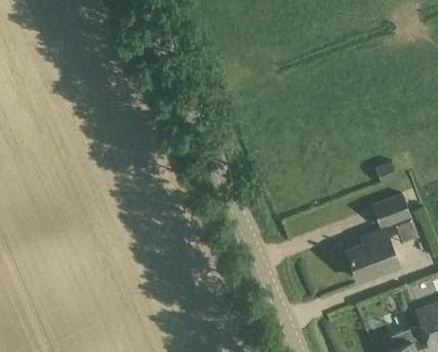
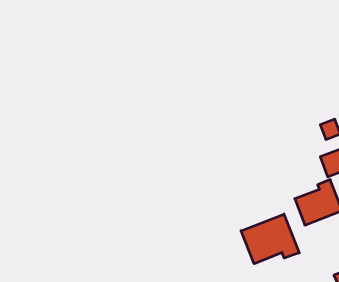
building: none -> [241,214,299,264]

